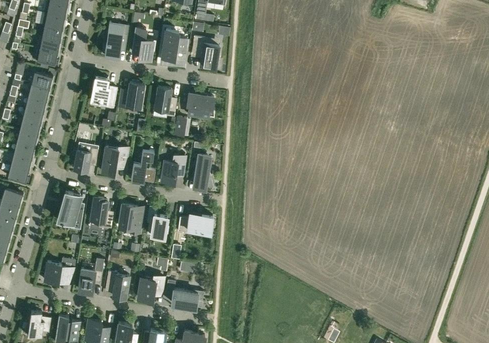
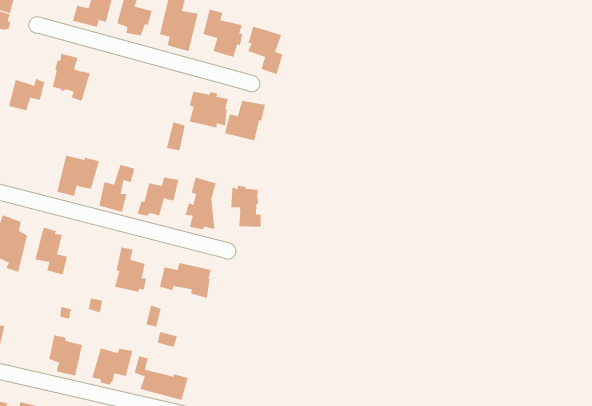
building: none -> [247,26,283,75]
building: [119,80,144,108] -> none
building: [154,87,177,117] -> none
building: none -> [224,100,266,141]
building: [74,148,98,171] -> [8,78,45,111]
building: none -> [229,185,261,227]
building: [118,204,143,233] -> none
building: [78,258,104,292] -> none

